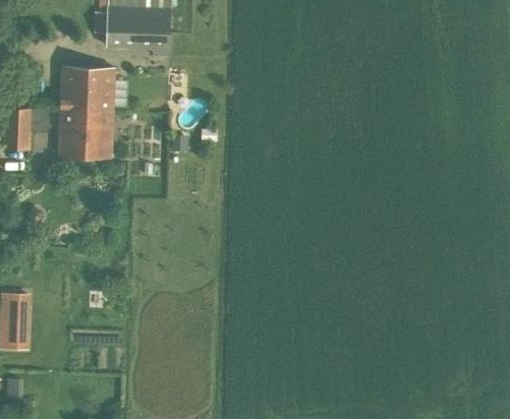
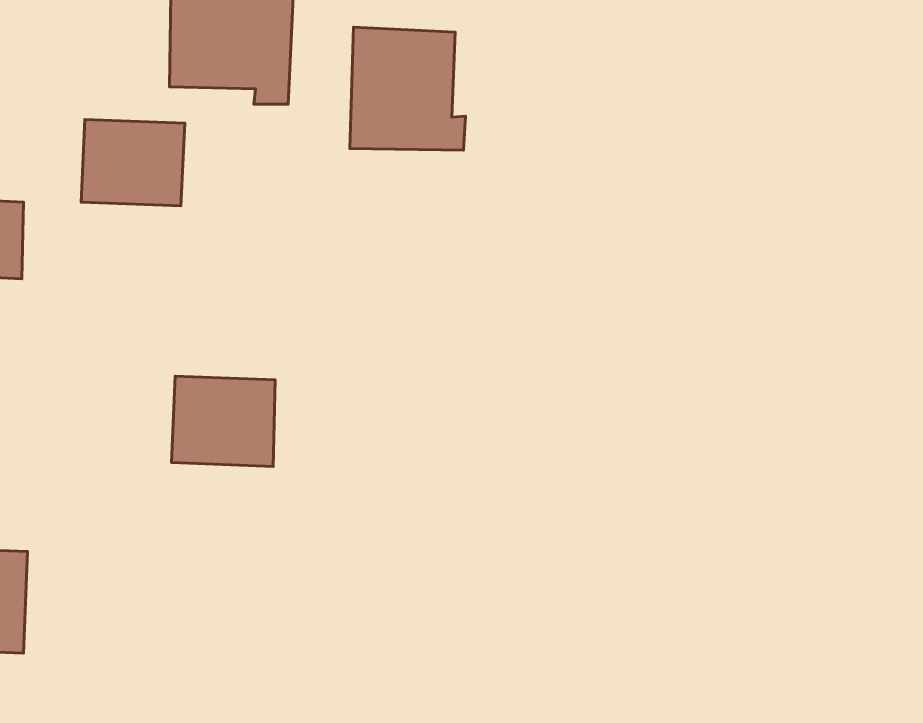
building: none -> [350,27,466,150]
building: [57,110,112,158] -> [171,376,275,466]

